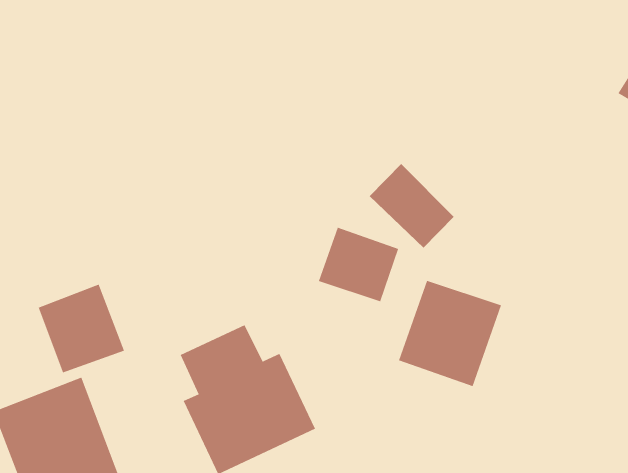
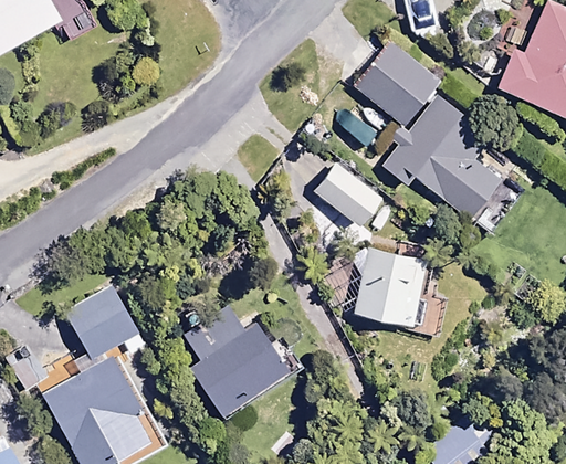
building: none -> [355,42,439,125]
building: none -> [380,97,503,221]
building: [318,227,399,302] -> none

